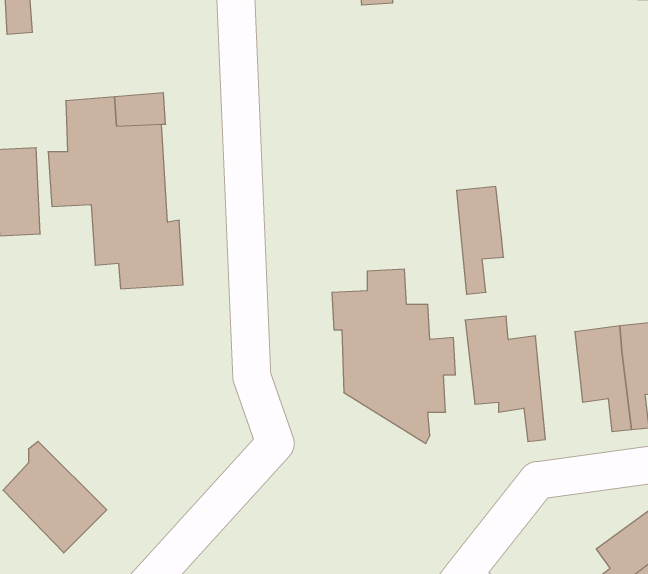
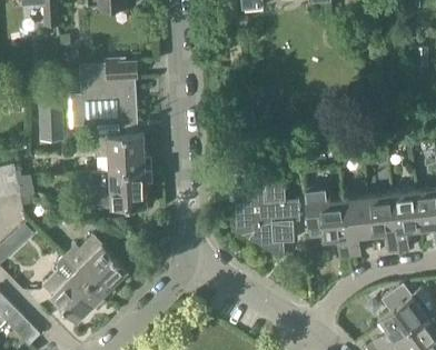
building: [457,187,504,294] -> [345,196,371,257]
building: none -> [90,169,147,208]
building: none -> [62,234,128,297]

